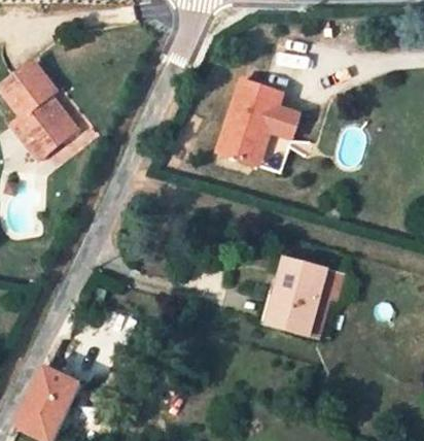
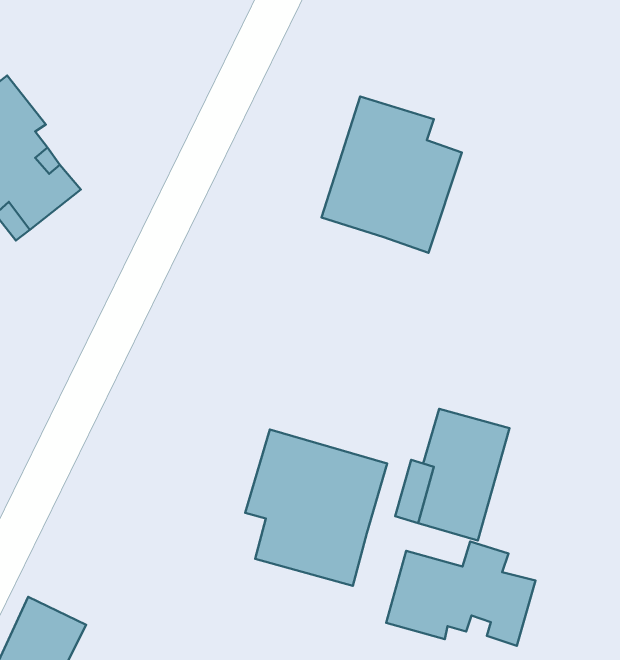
building: none -> [245,429,387,586]
building: none -> [386,542,535,646]

